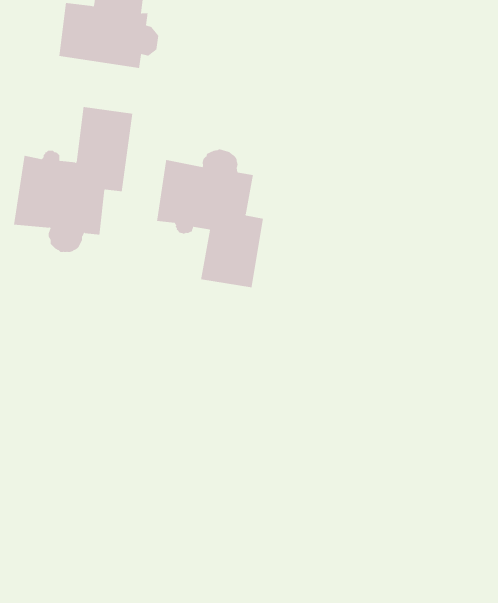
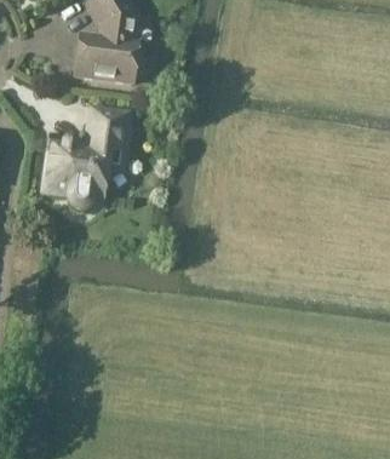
building: [156,149,263,288] -> none

